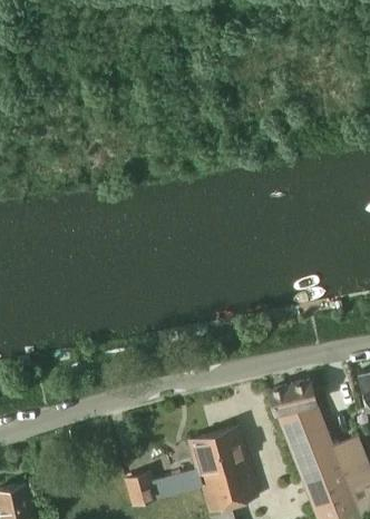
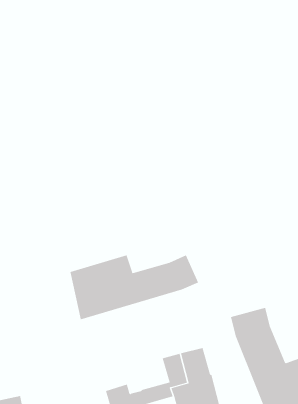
building: none -> [70,255,199,320]

